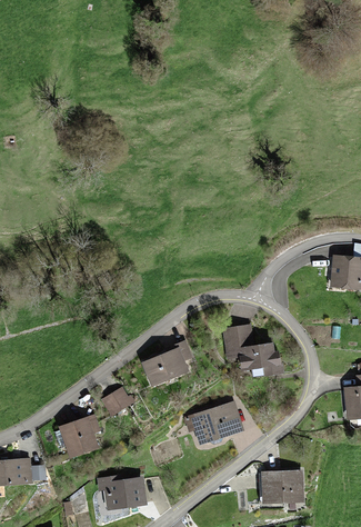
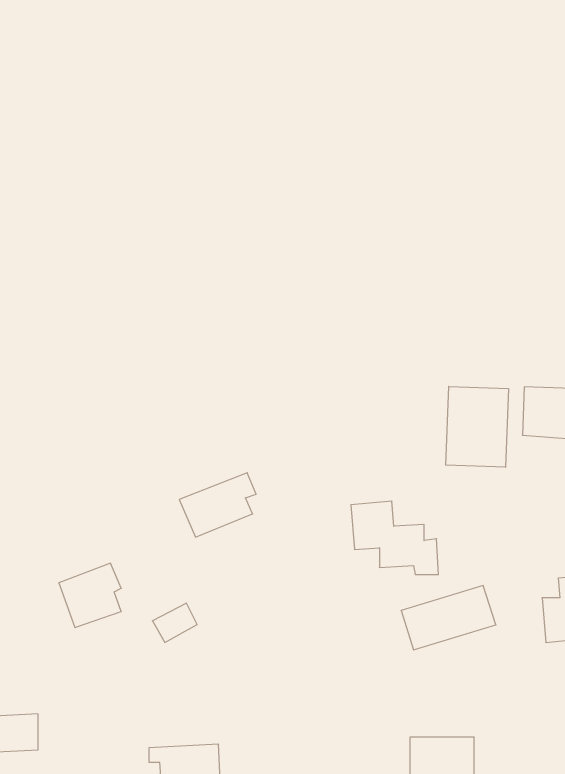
building: none -> [446,386,508,467]
building: [142,345,190,385] -> [179,473,256,537]
building: [182,404,241,444] -> [401,586,496,650]
building: [60,415,99,455] -> [59,563,121,628]

